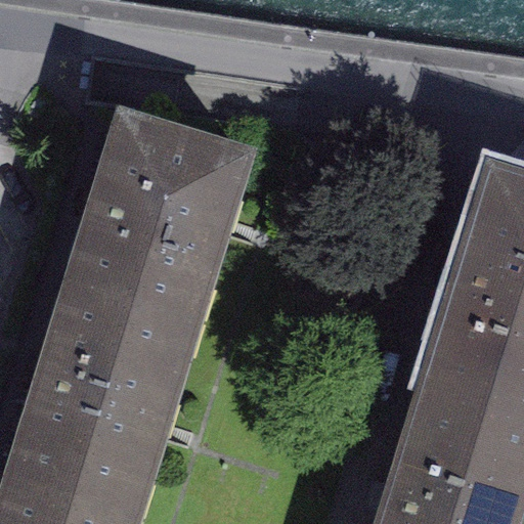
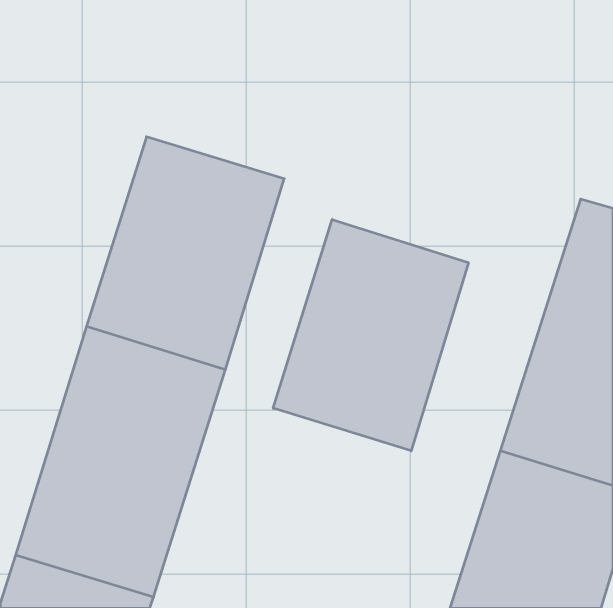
building: none -> [273,219,468,451]

